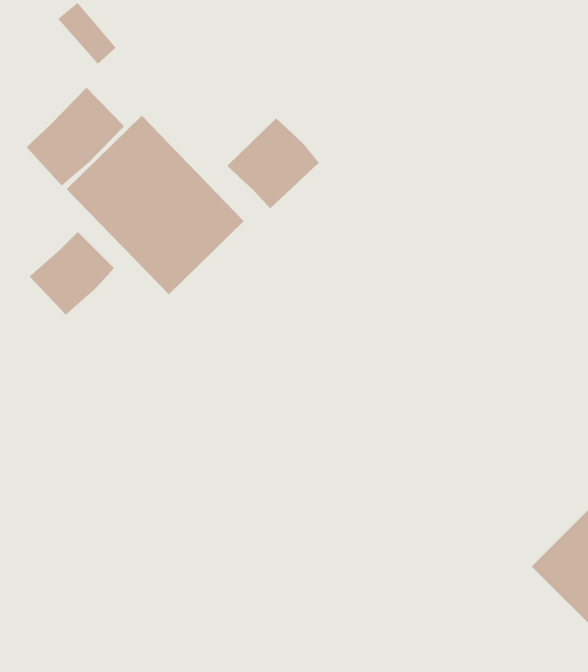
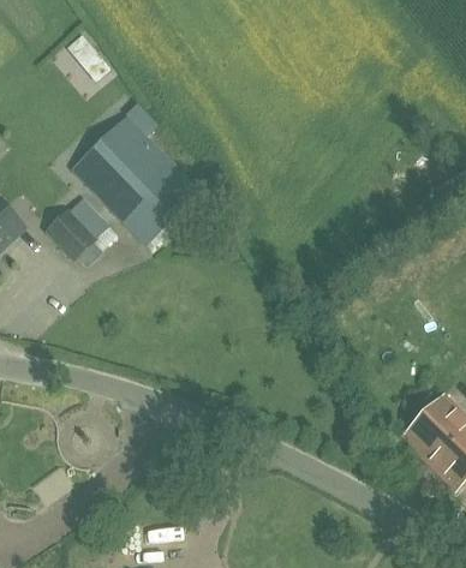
building: [26,87,125,187] -> none
building: [226,118,320,209] -> none

